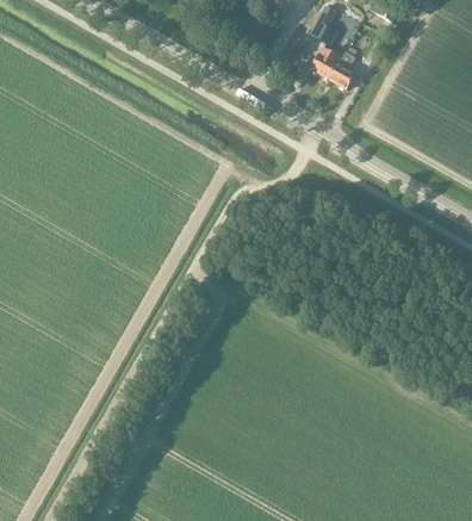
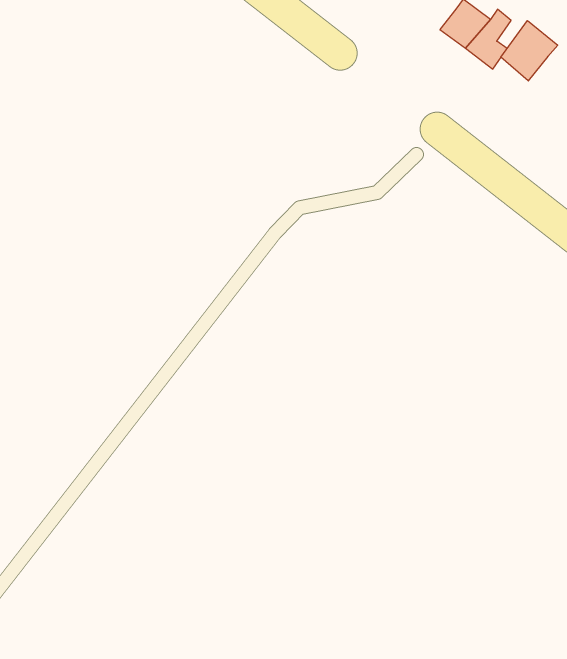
building: none -> [501,21,558,81]

